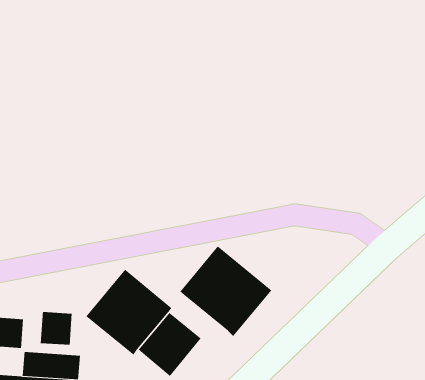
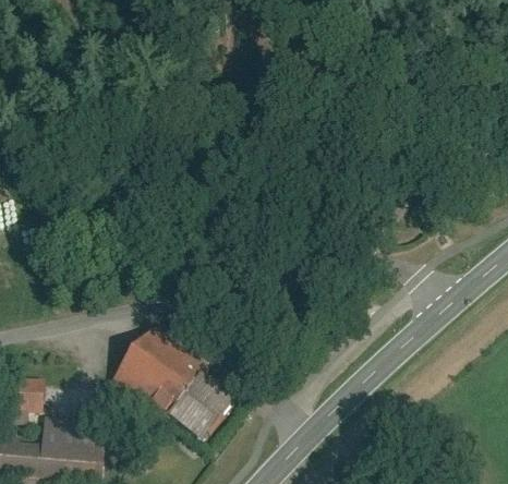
building: [180,246,272,337] -> none
building: [40,311,72,346] -> none

